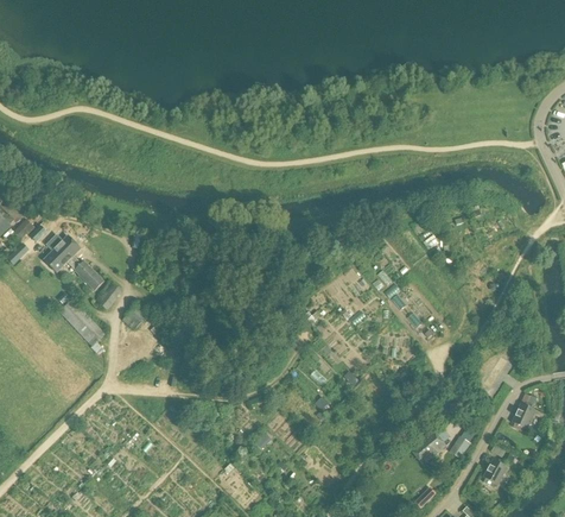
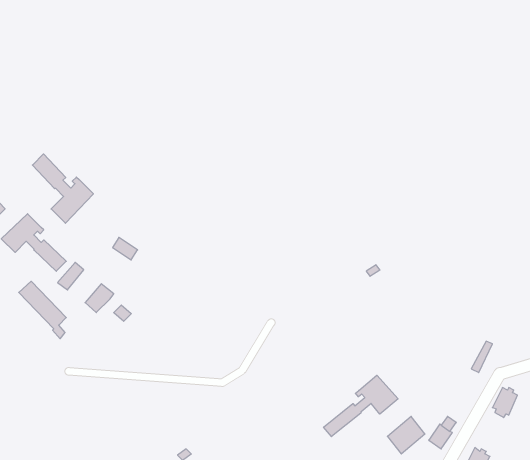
building: none -> [32,154,93,223]
building: none -> [324,375,398,437]

